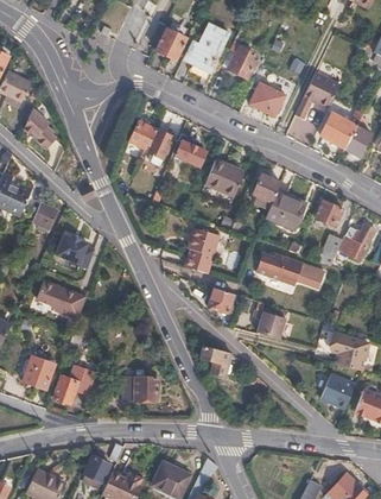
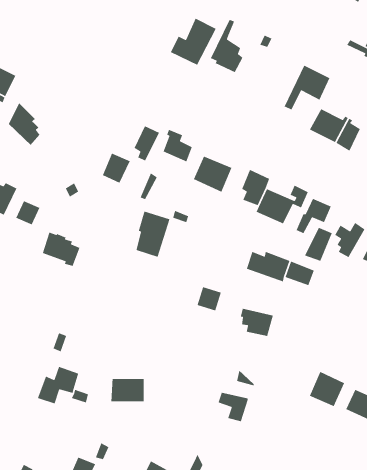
building: [157,29,186,59] -> none
building: [249,82,285,115] -> none
building: [129,121,158,152] -> [102,152,131,184]
building: [184,226,218,272] -> [135,210,170,258]
building: [37,282,87,318] -> none
building: [329,333,368,371] -> none
building: [201,345,231,374] -> [217,392,249,422]
building: [21,356,53,389] -> none

